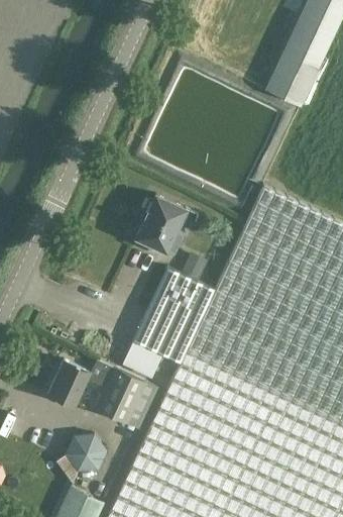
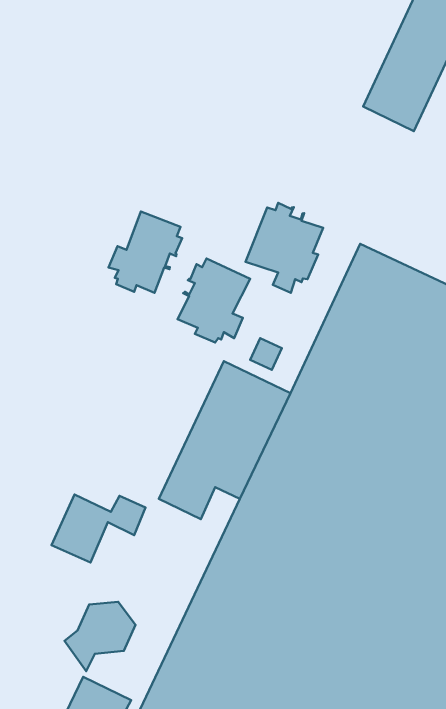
building: none -> [245,203,323,293]
building: none -> [108,211,182,293]
building: [96,370,159,431] -> none

